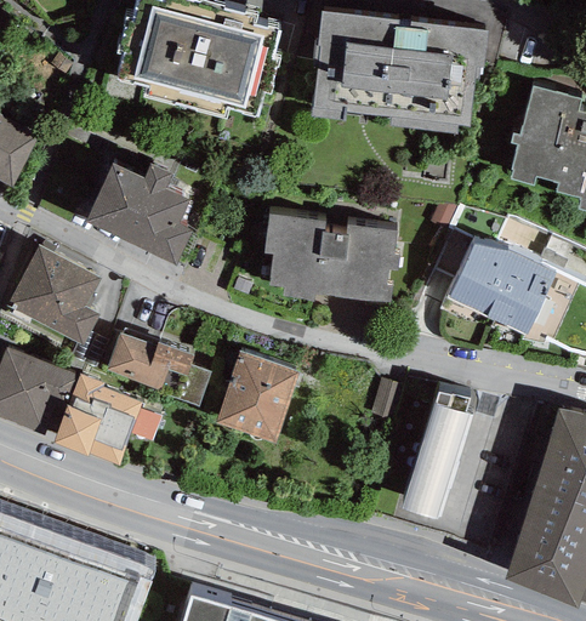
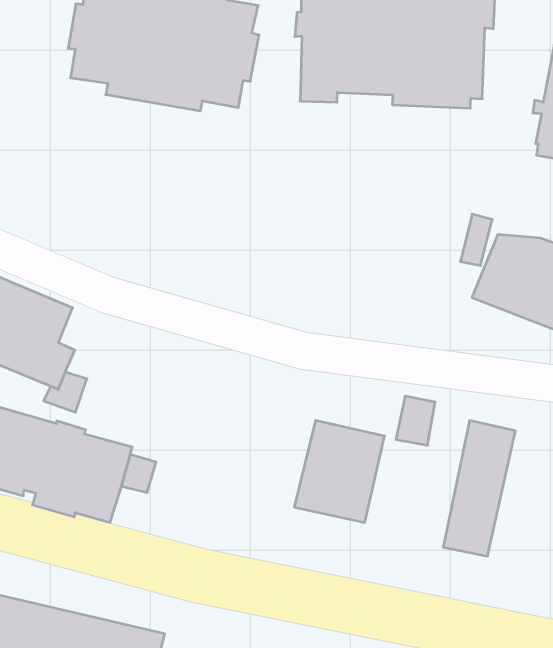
building: [84,161,192,263] -> none
building: [262,211,399,302] -> none
building: [106,331,211,405] -> none
building: [215,349,297,440] -> [294,421,385,522]

